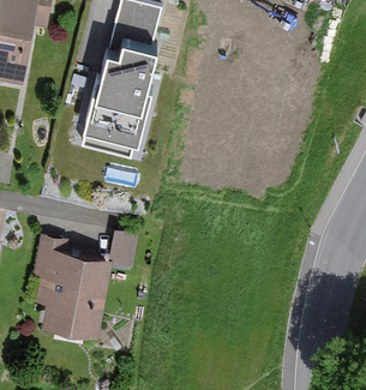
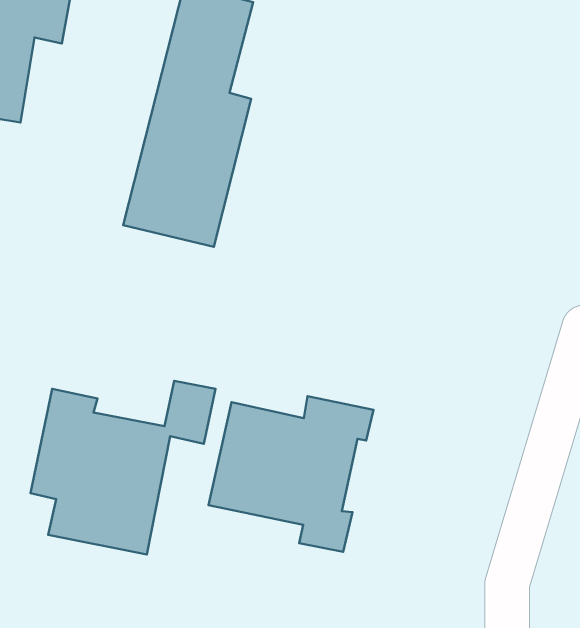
building: none -> [209,396,373,552]

